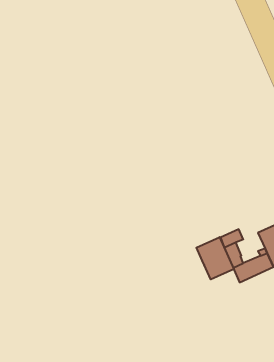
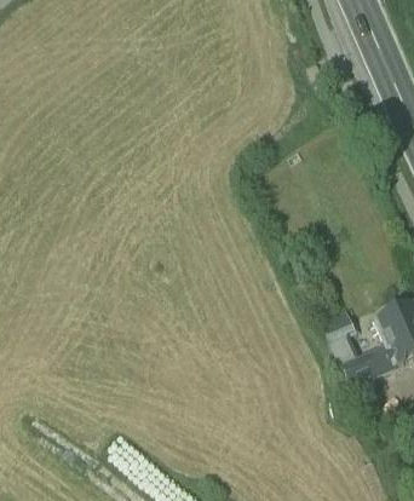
building: [196,237,234,279] -> none

